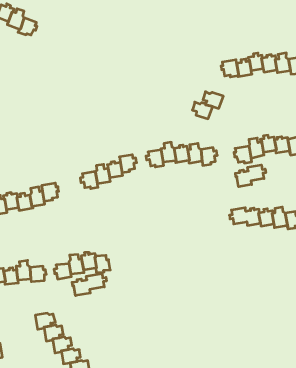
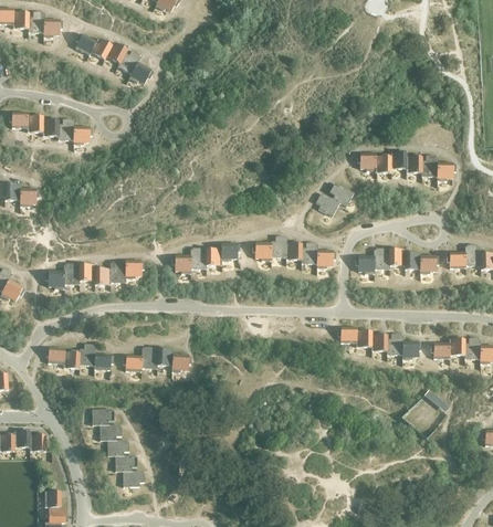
building: [235,165,266,187] -> none
building: [72,273,106,296] -> none

